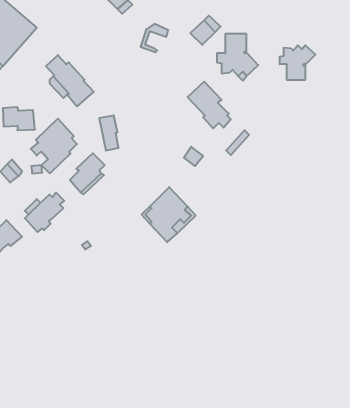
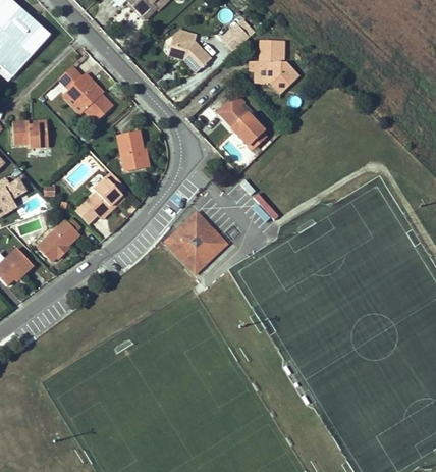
building: none -> [170,38,210,74]
building: [280,45,315,80] -> none
building: [31,119,77,173] -> none

